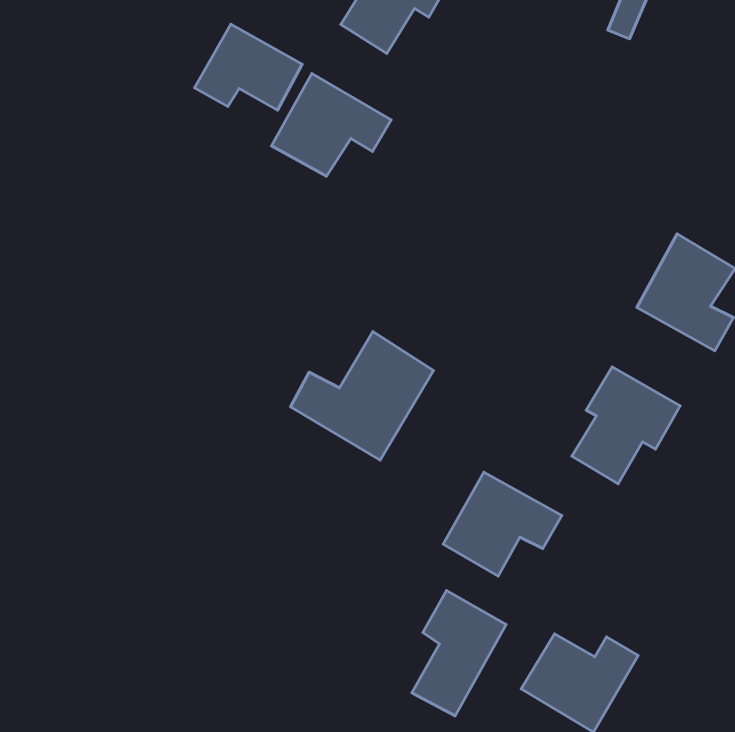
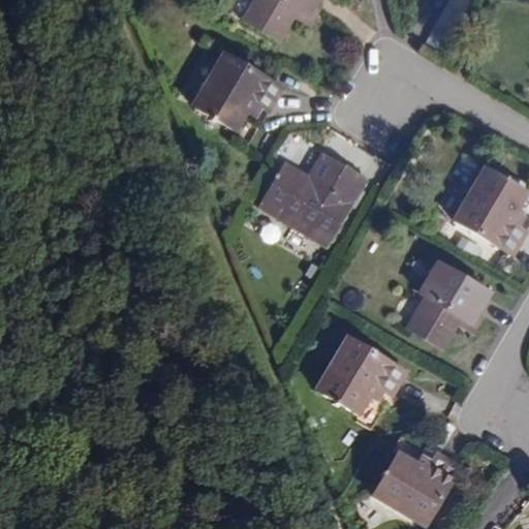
building: [195,24,302,110] -> none
building: [291,332,434,460] -> [260,152,363,244]
building: [412,590,506,716] -> none

